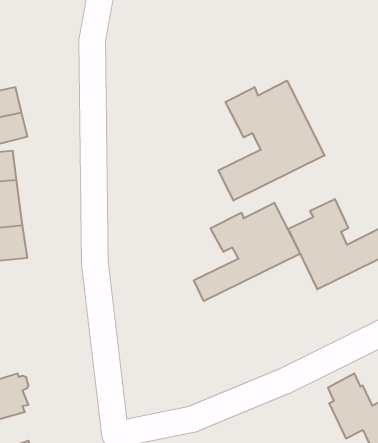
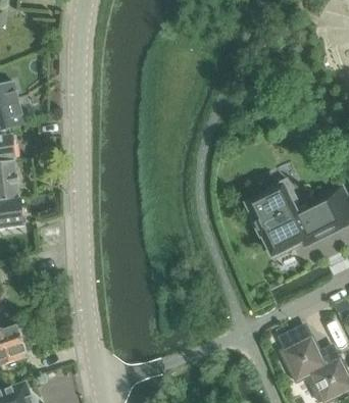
building: [219,81,325,201] -> none
building: [194,203,300,301] -> none

